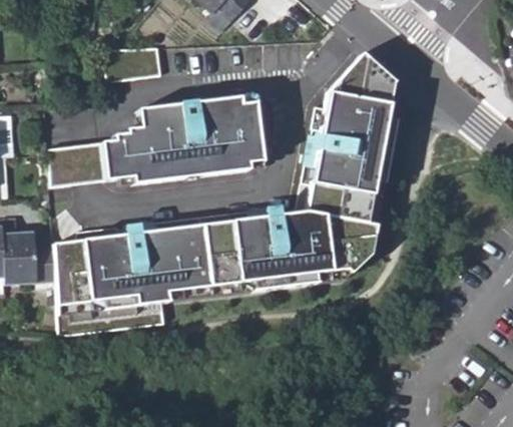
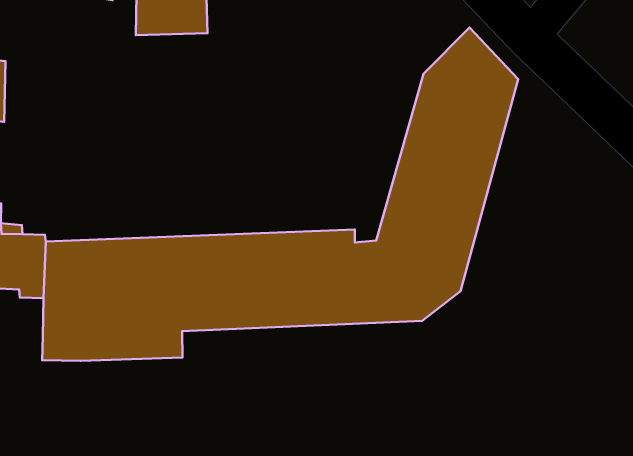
building: [47,94,264,187] -> none

